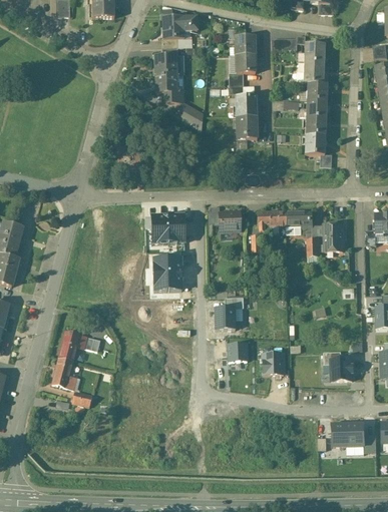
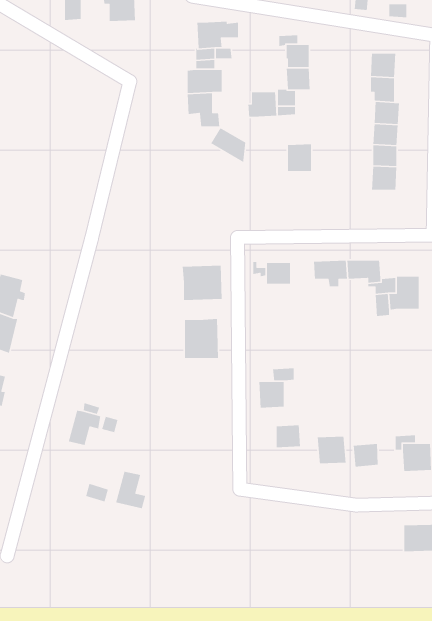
building: [232,96,256,117] -> [247,91,277,117]
building: [51,358,76,389] -> [115,471,146,509]
building: none -> [353,443,379,467]

